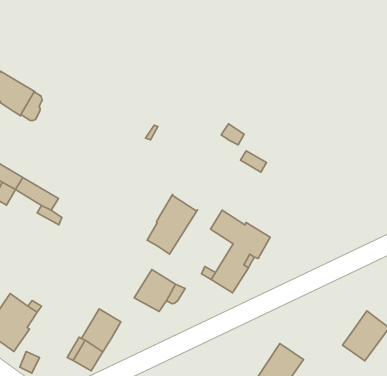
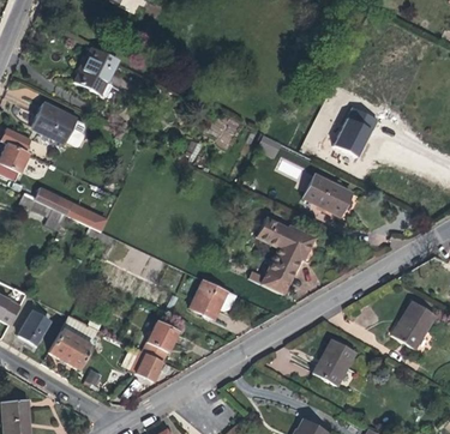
building: none -> [76,47,119,95]
building: none -> [335,107,379,157]
building: none -> [304,174,352,215]
building: [147,195,197,254] -> none

